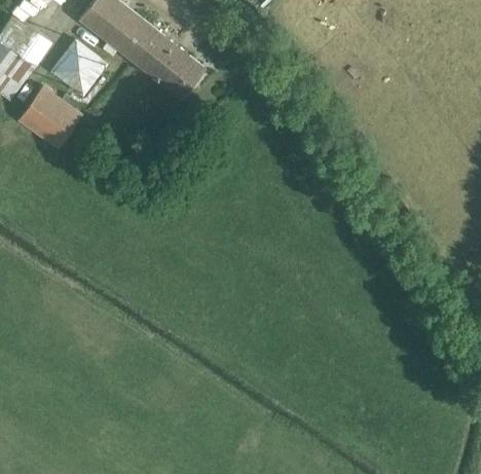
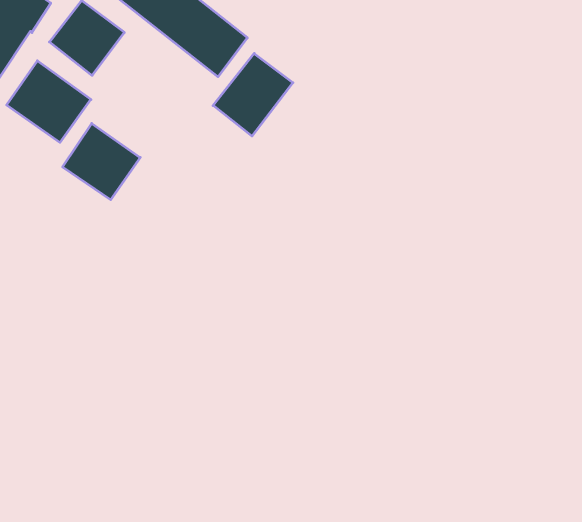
building: none -> [213,53,293,136]
building: none -> [63,123,140,200]

